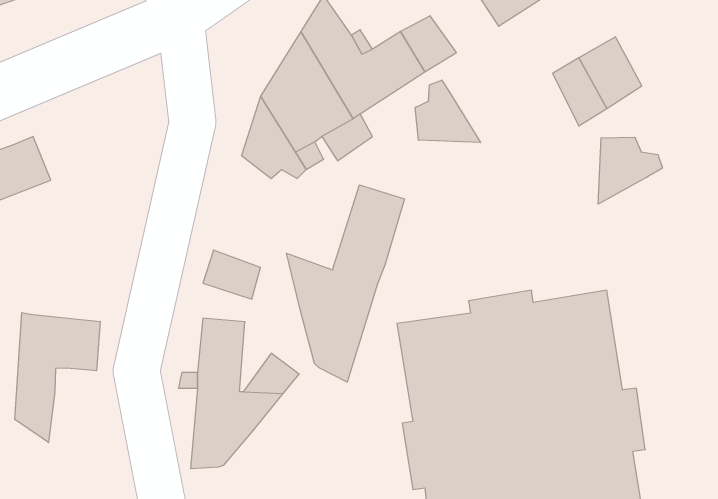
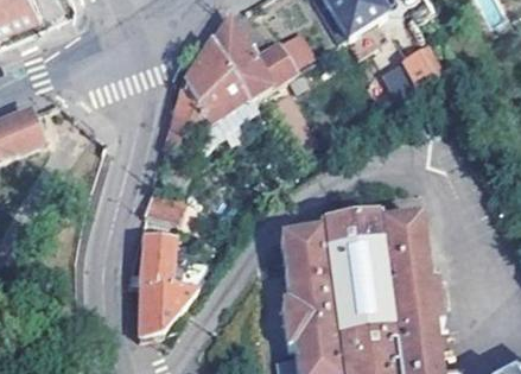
building: [415,80,480,143] -> none
building: [598,137,663,204] -> none
building: [287,185,405,382] -> none
building: [15,313,100,443] -> none

